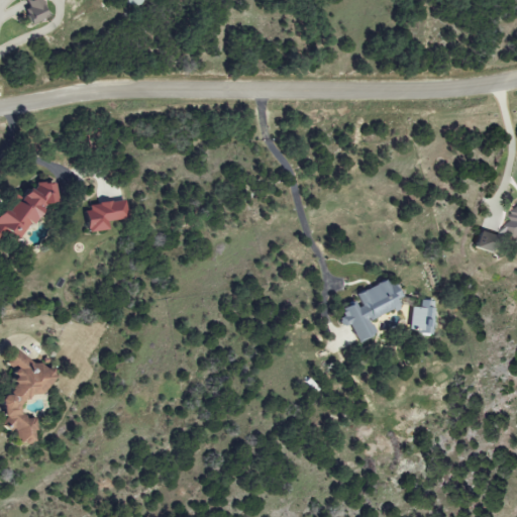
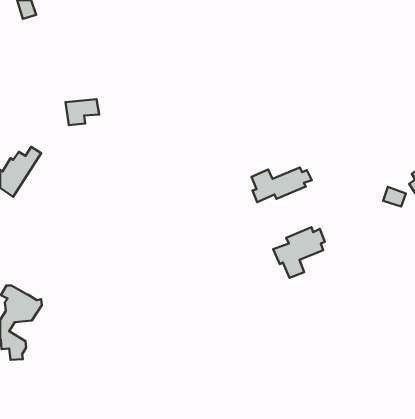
building: [88,200,129,232] -> [65,99,99,125]
building: none -> [252,167,312,202]
building: [411,300,437,334] -> none

